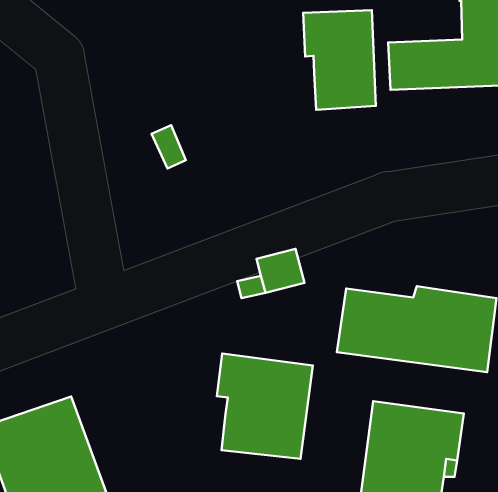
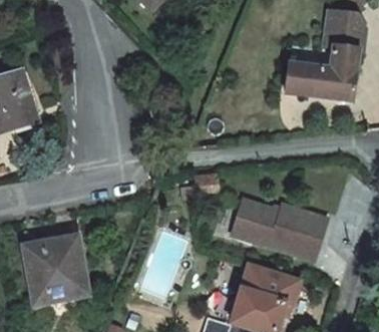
building: [303,10,376,110] -> none
building: [217,353,313,459] -> none

